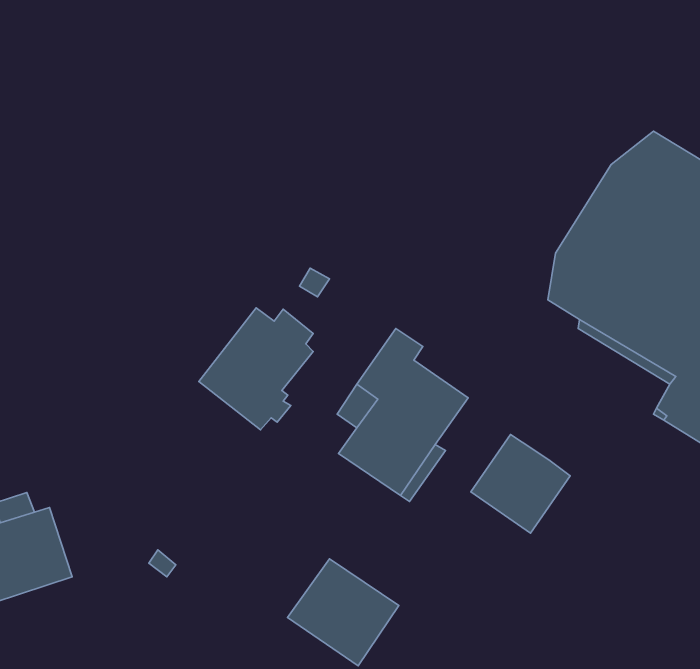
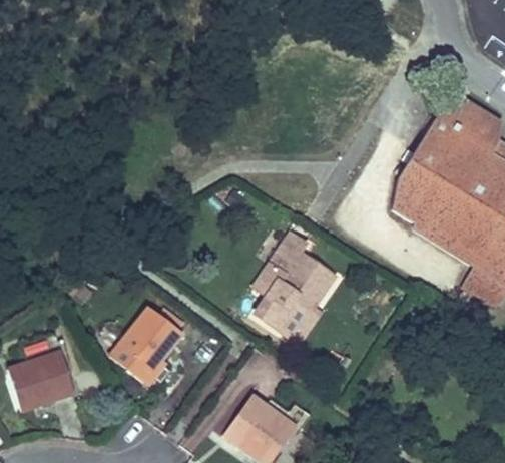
building: [199,308,313,430] -> [109,306,185,387]
building: [471,435,570,533] -> none

